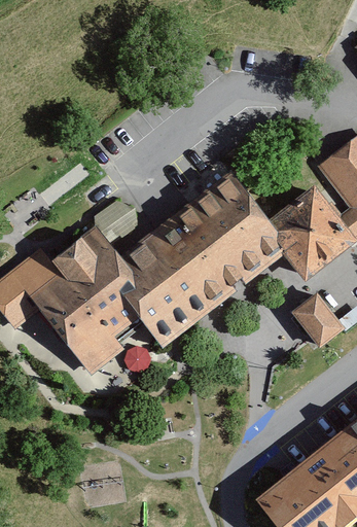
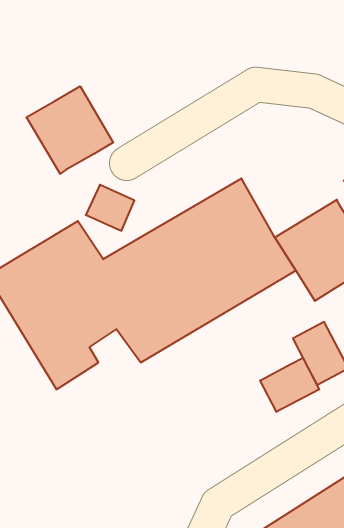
building: none -> [26,86,113,174]
building: none -> [260,358,319,412]

